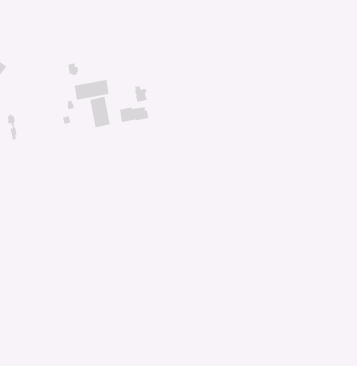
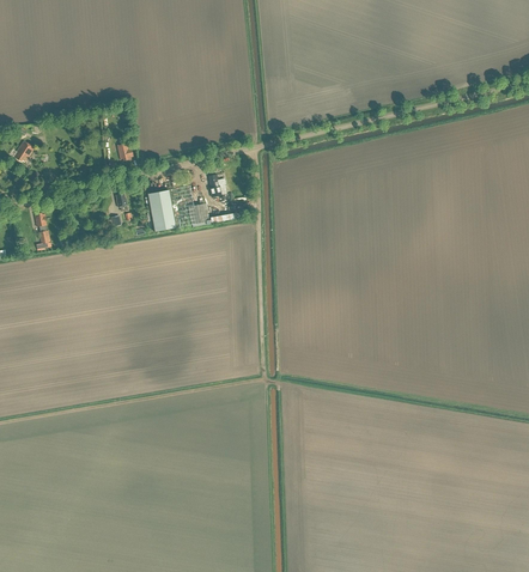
building: [74,79,109,101] -> none

